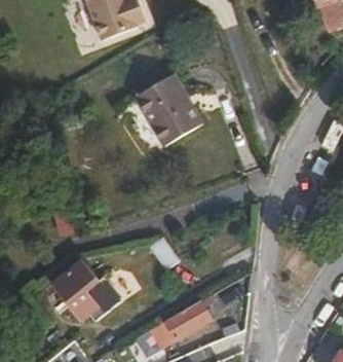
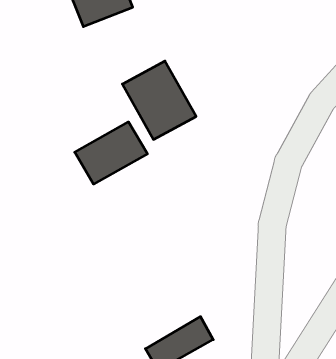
building: none -> [75,122,147,184]
building: [52,254,115,315] -> none

